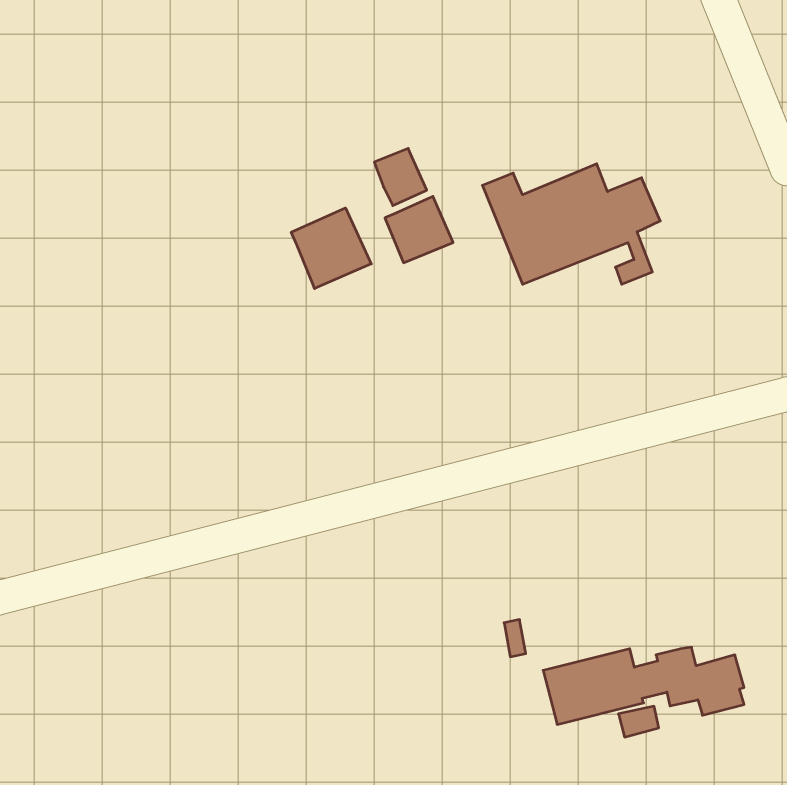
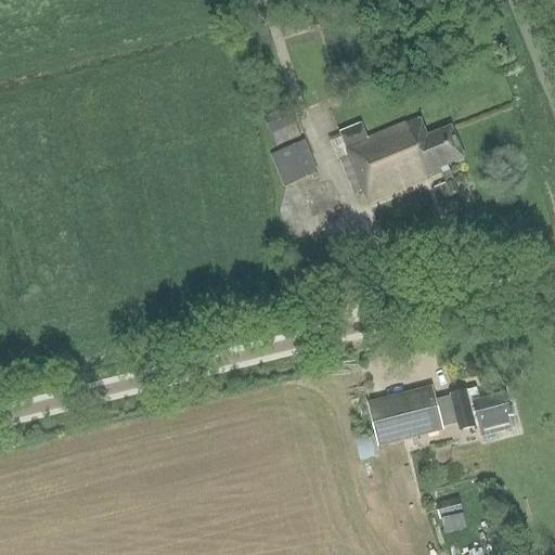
building: [291,208,371,289] -> none
building: [543,647,744,724] -> [370,387,511,441]

